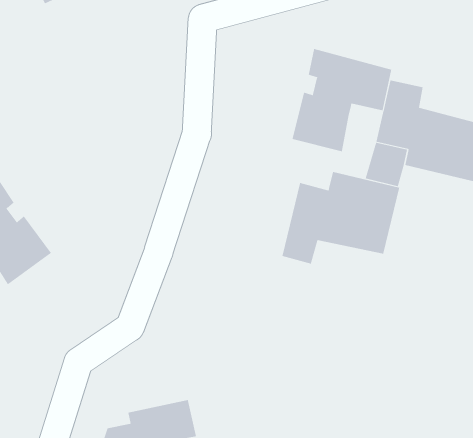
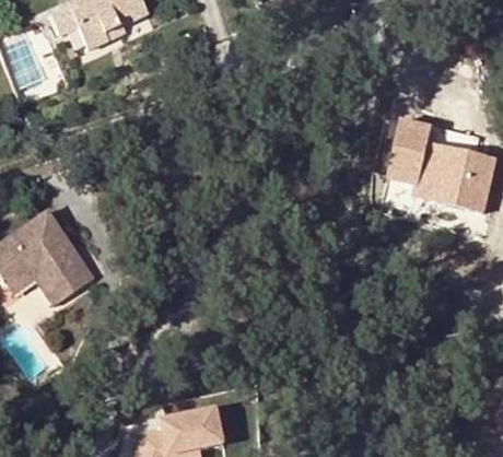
building: [292,48,392,152] -> none
building: [282,171,400,265] -> none

